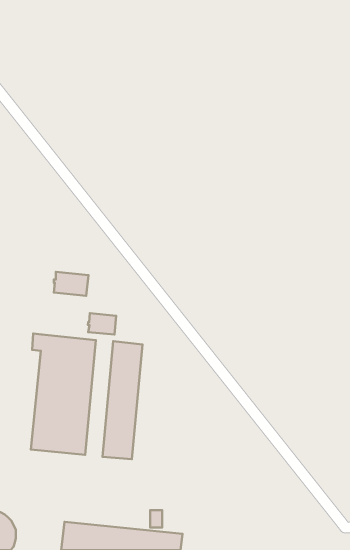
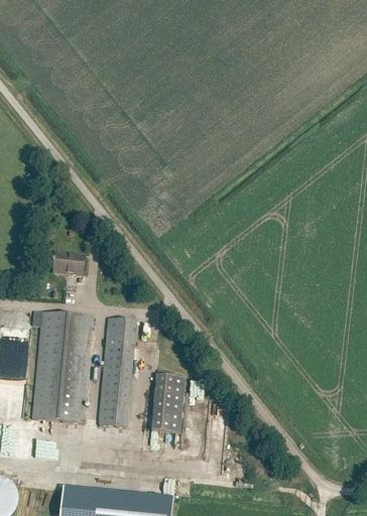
building: [88,313,116,334] -> none
building: none -> [151,375,184,433]

